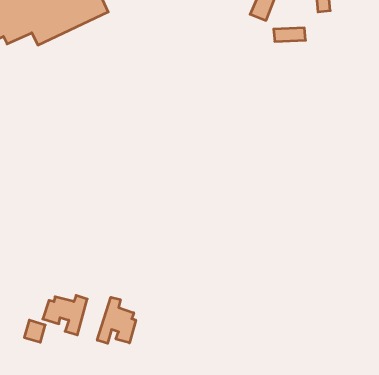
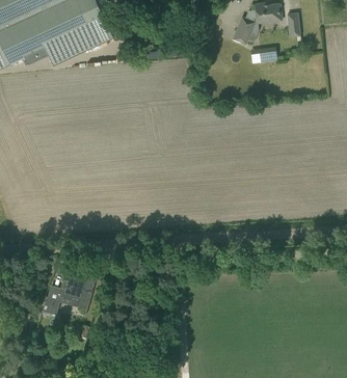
building: [97,297,136,343] -> none

